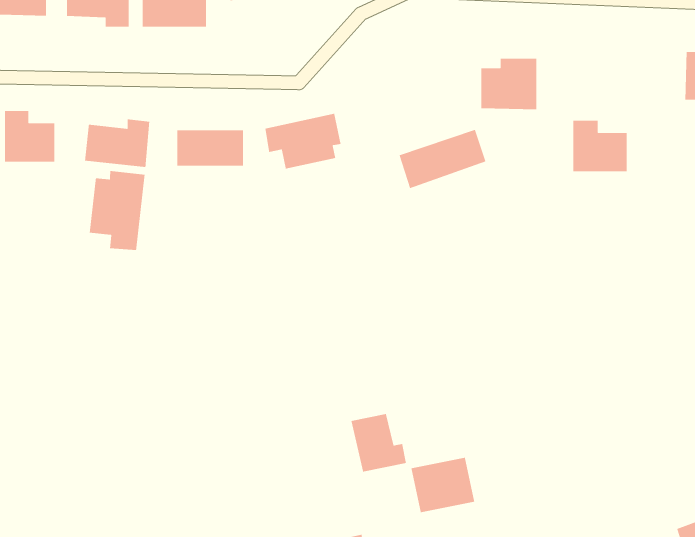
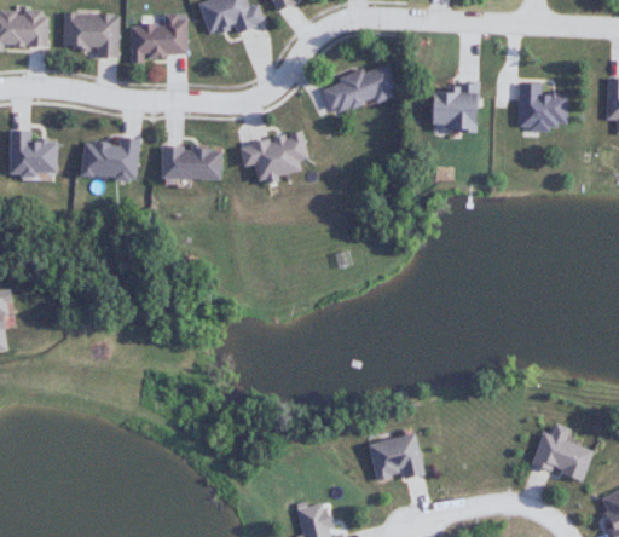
building: [572,120,627,172] -> [520,83,568,129]
building: [399,129,487,189] -> [320,63,398,116]
building: [89,170,145,251] -> none
building: [351,413,407,473] -> none
building: none -> [531,423,592,483]

